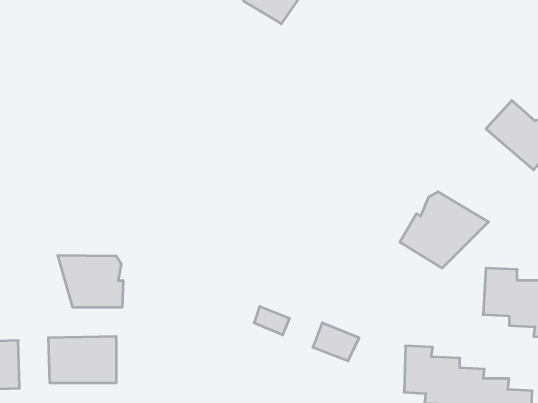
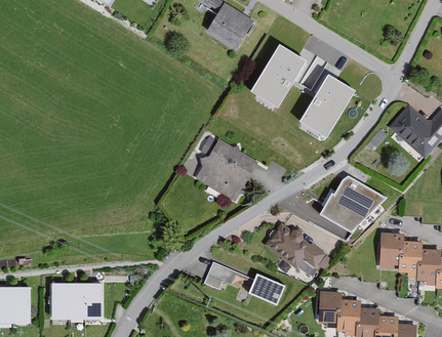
building: none -> [251,40,305,100]
building: none -> [300,70,354,131]
building: none -> [192,139,253,201]
building: [58,255,123,307] -> none
building: none -> [270,225,327,267]

